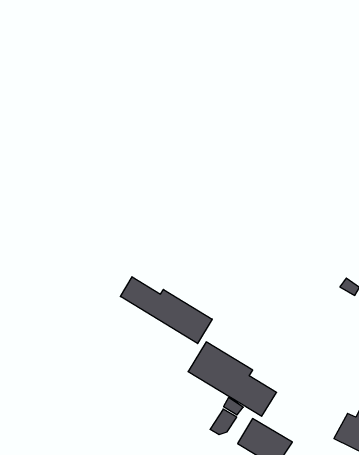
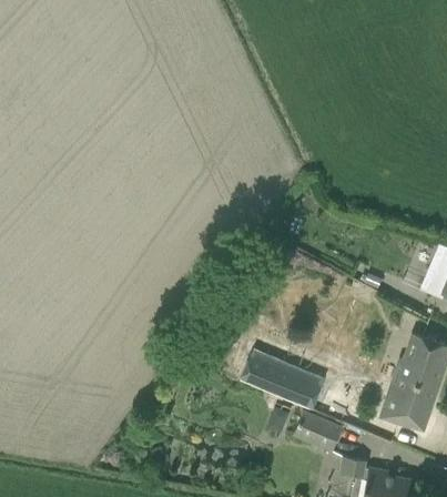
building: [120,277,212,344] -> none

